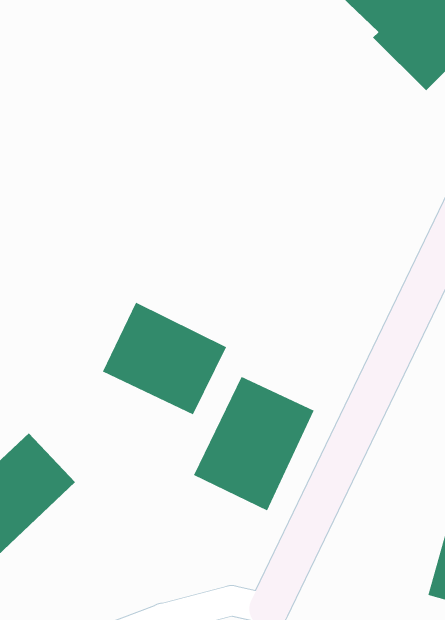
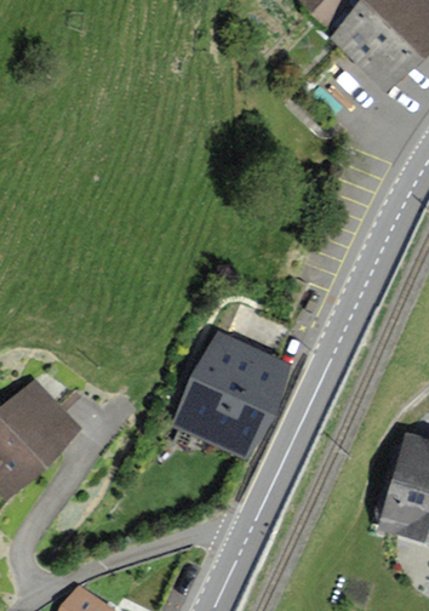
building: [102,302,227,415] -> none

